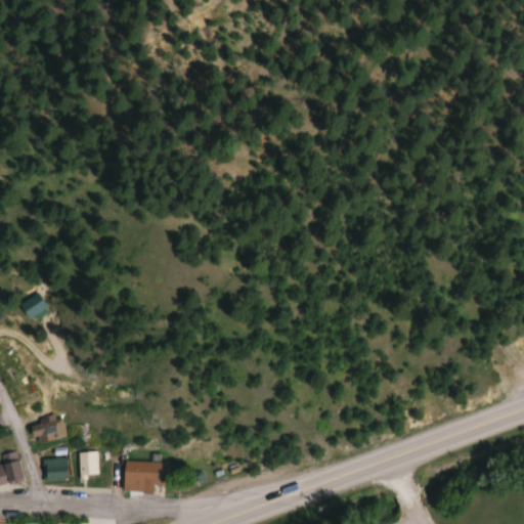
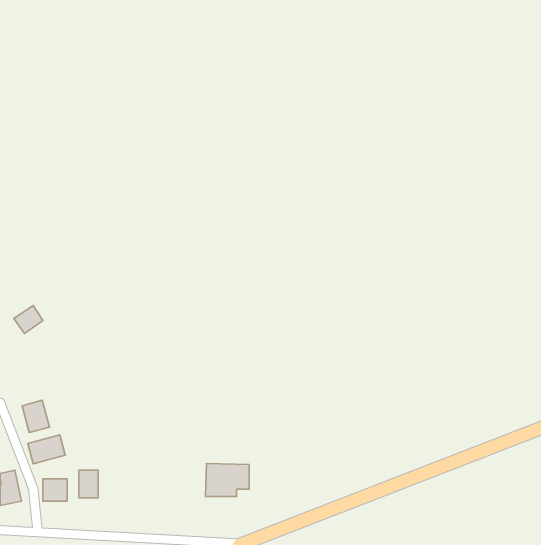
building: none -> [22,400,49,433]
building: [125,461,167,492] -> [205,463,249,497]

